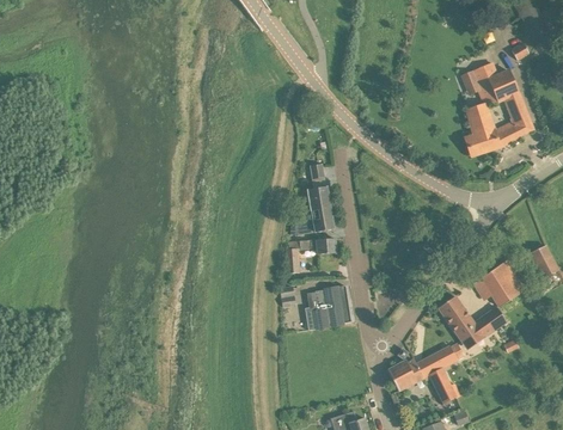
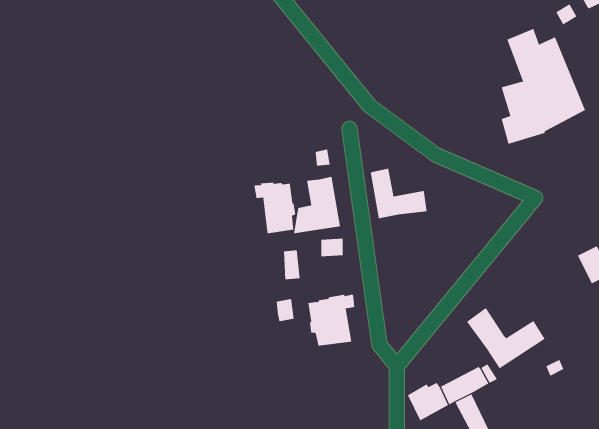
building: none -> [370,168,427,219]
building: none -> [254,182,296,234]
building: [471,260,526,309] -> none

